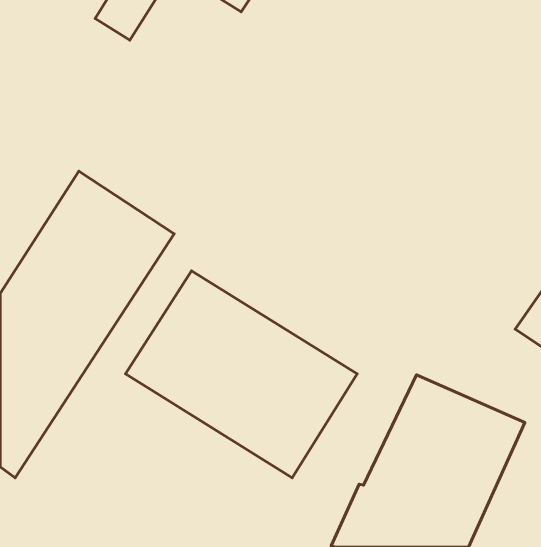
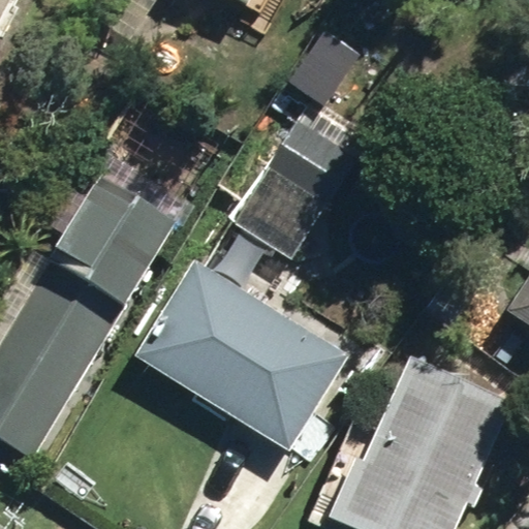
building: none -> [247,117,363,245]

